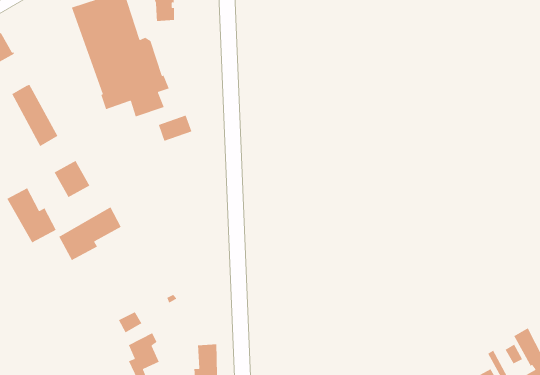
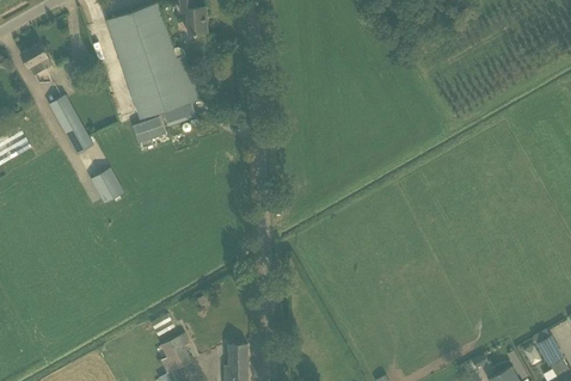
building: [158,114,192,142] -> [133,117,166,143]
building: [6,187,57,244] -> none
building: [58,206,122,261] -> none

